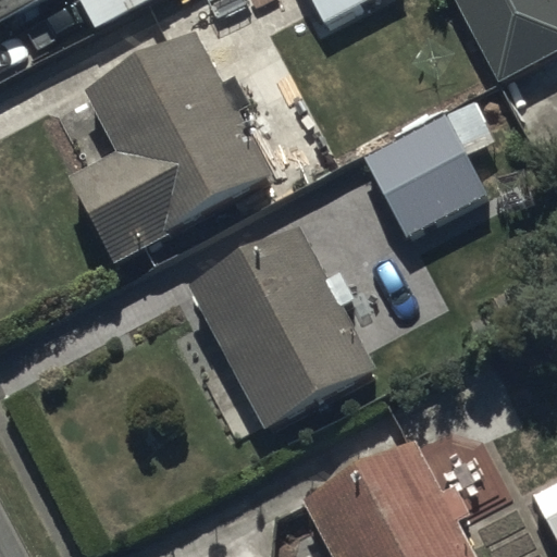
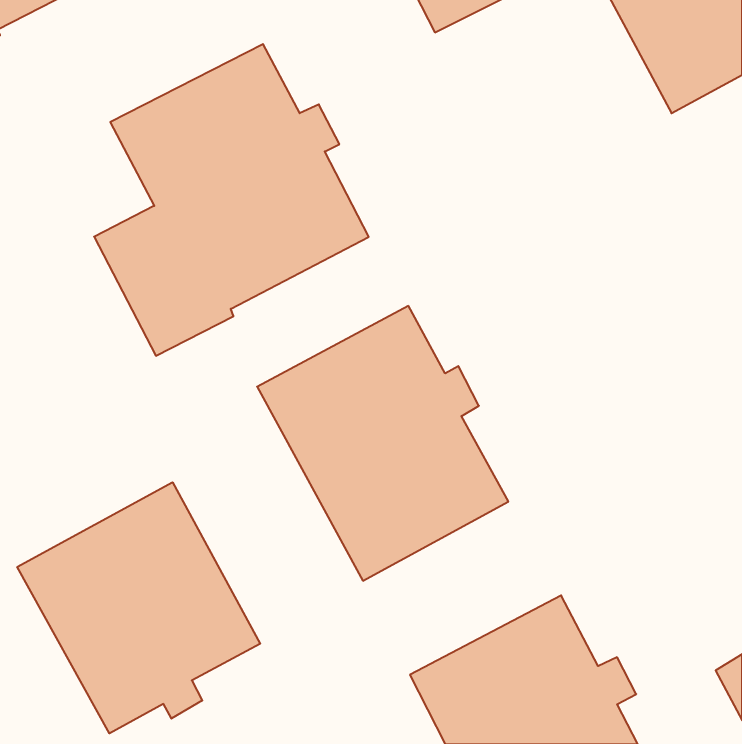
building: [363,101,494,236] -> none
building: none -> [17,482,260,733]

